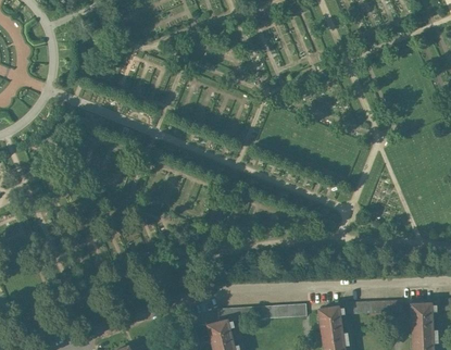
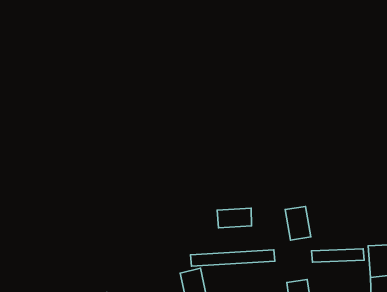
building: none -> [217,208,251,228]
building: [317,303,344,339] -> [285,206,311,240]

